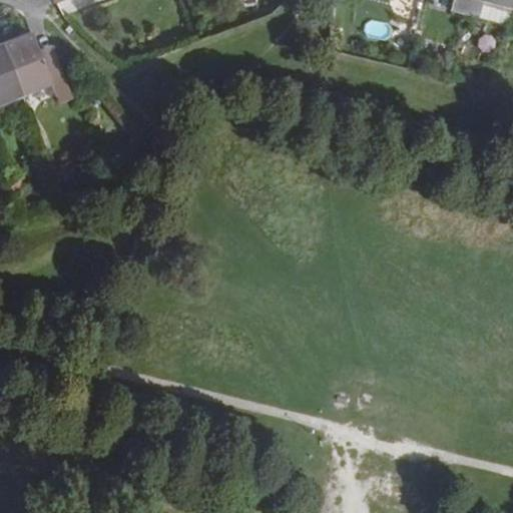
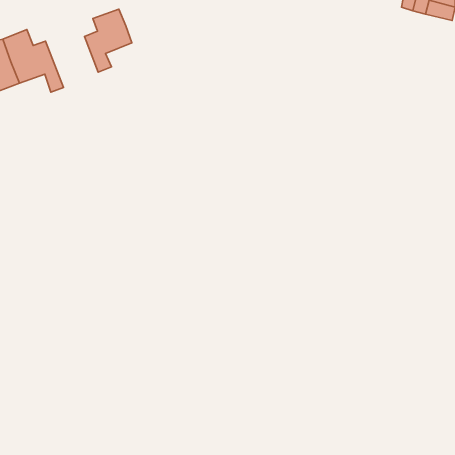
building: none -> [85,9,132,72]

